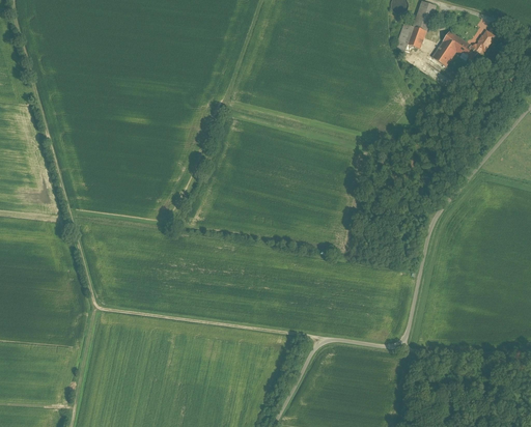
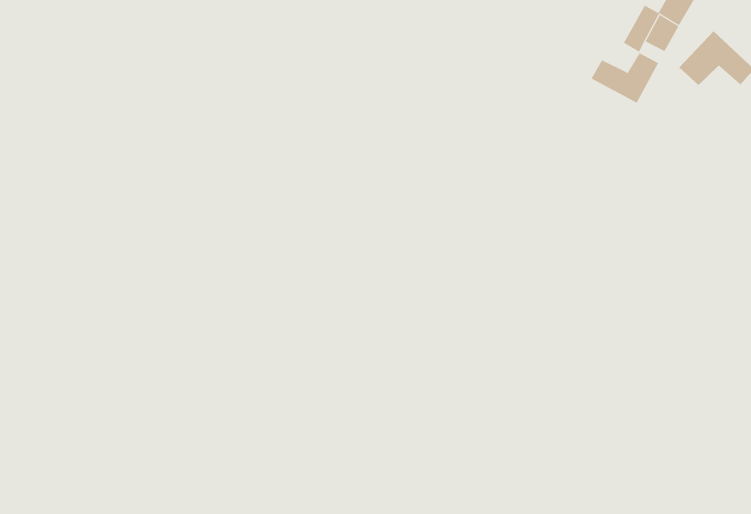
building: none -> [591,52,659,104]

